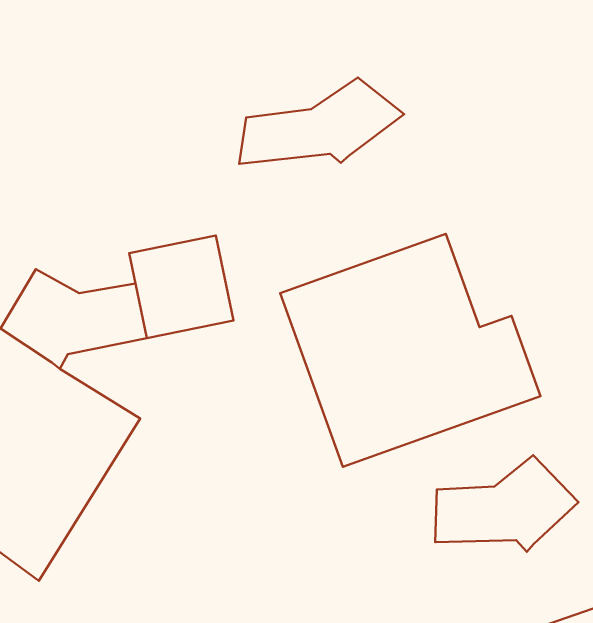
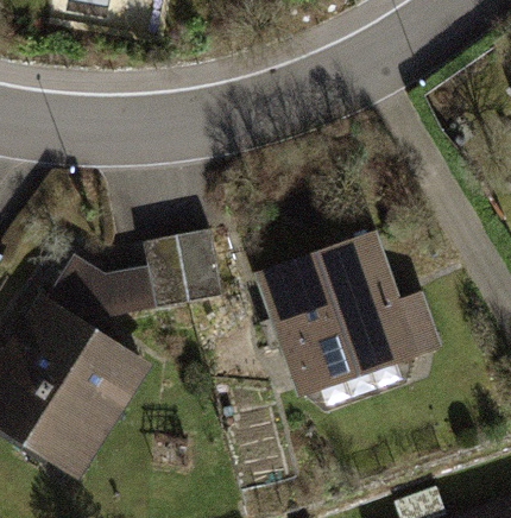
building: [239,78,404,164] -> none
building: [435,455,579,552] -> none

